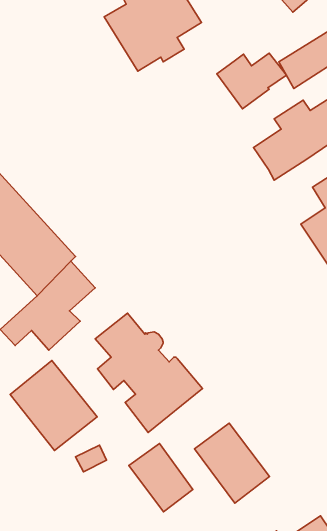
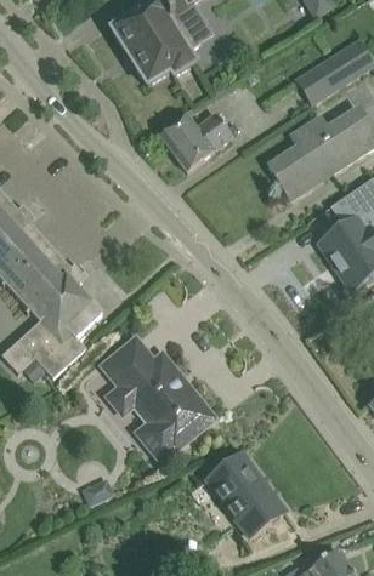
building: [217,53,286,109] -> [160,113,233,171]
building: [10,361,97,451] -> none
building: [129,443,193,512] -> none

